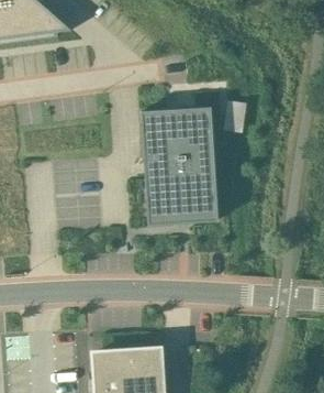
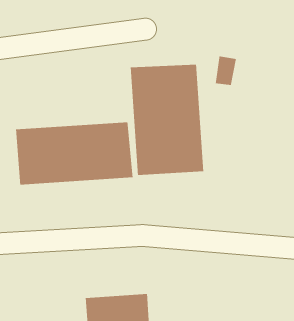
building: none -> [15,121,134,185]

